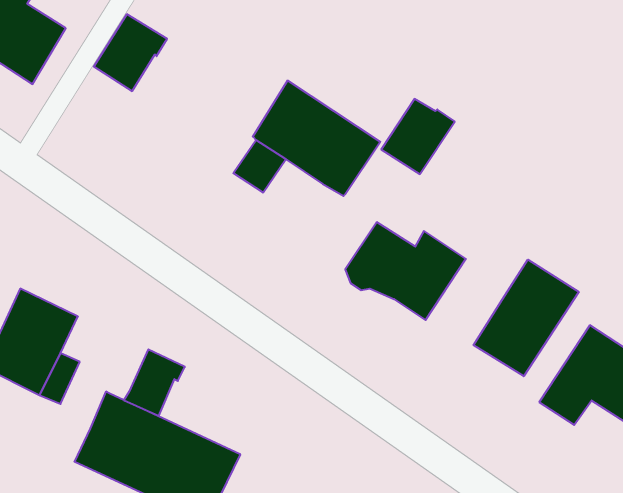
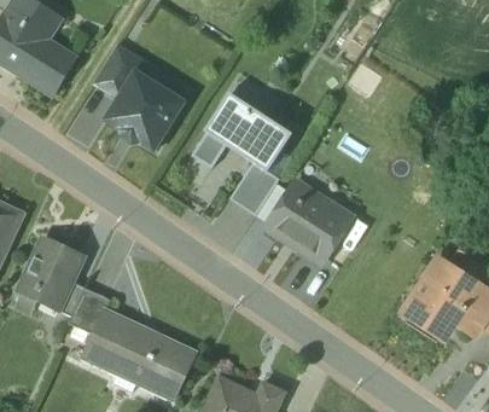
building: none -> [107,74,181,150]
building: [381,99,455,174] -> [229,163,280,215]
building: [474,260,579,376] -> none
building: [124,349,185,416] -> [68,286,110,332]

